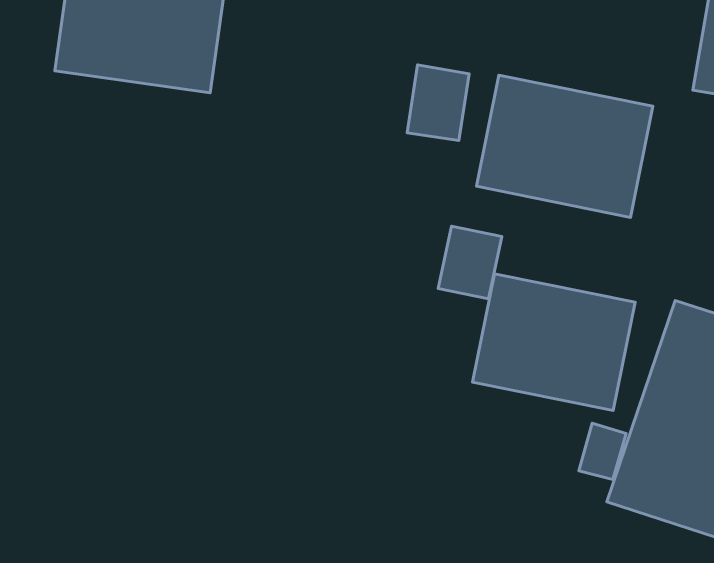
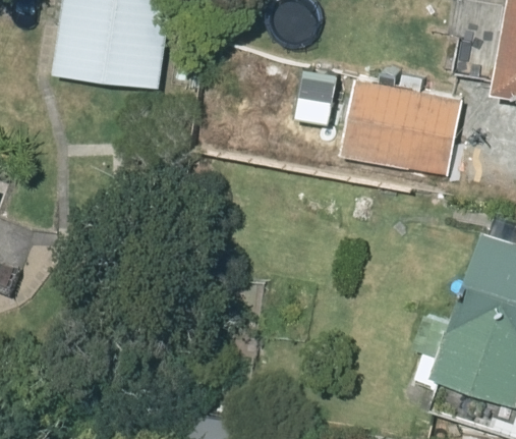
building: [472,274,635,411] -> none

